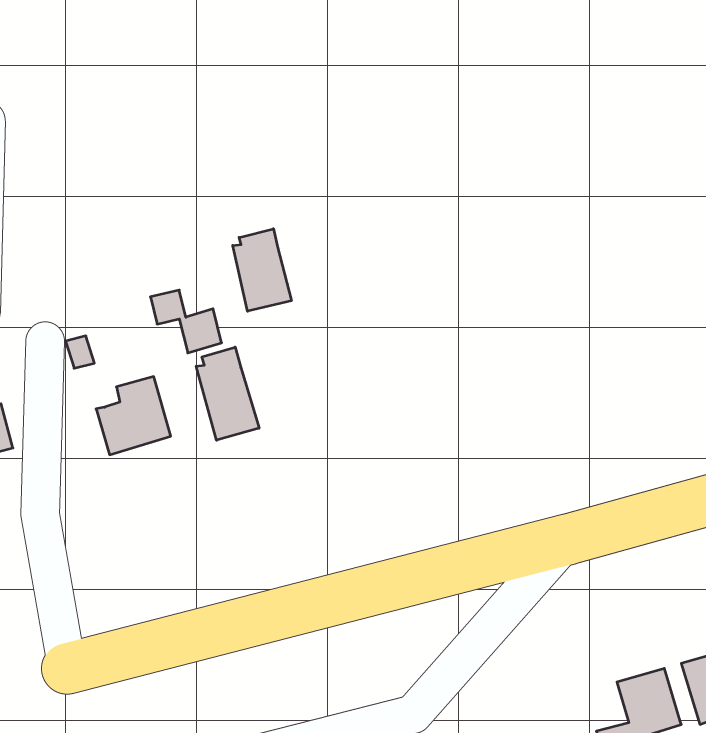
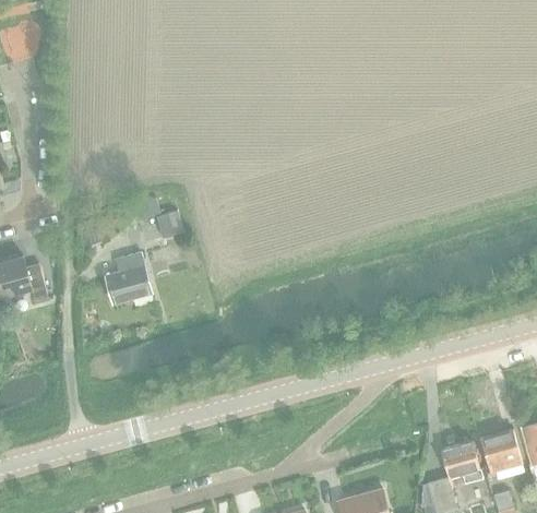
building: [233,229,291,311] -> none
building: [196,347,259,440] -> none

